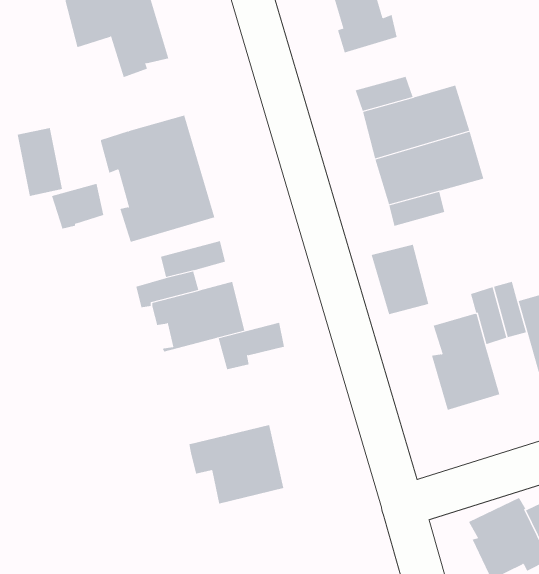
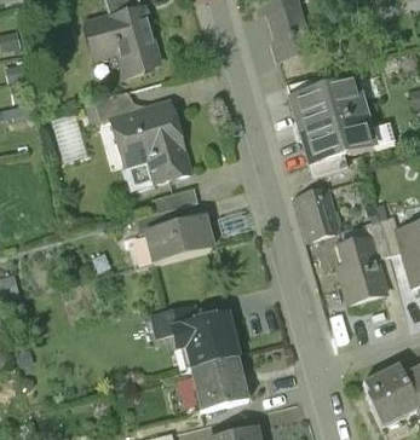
building: [51,183,104,229] -> [94,92,131,123]
building: [218,322,285,370] -> [151,305,197,337]
building: none -> [191,358,247,411]

